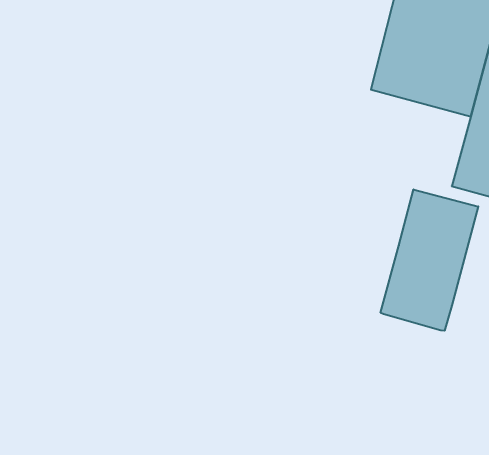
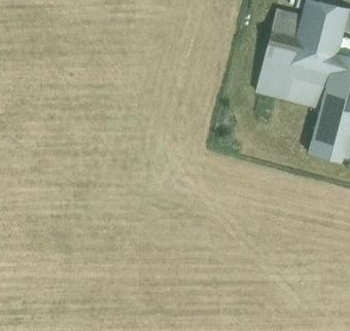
building: [381,189,478,331] -> none

